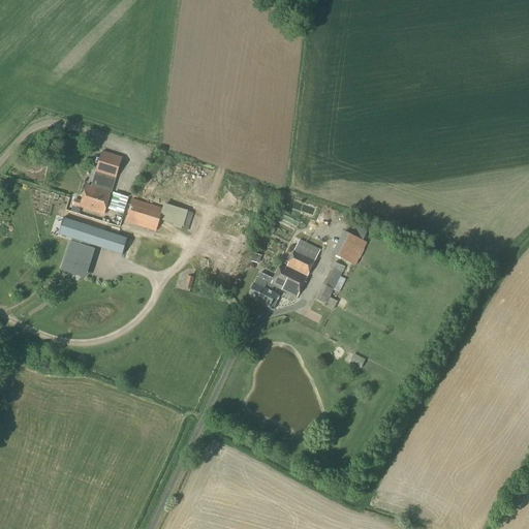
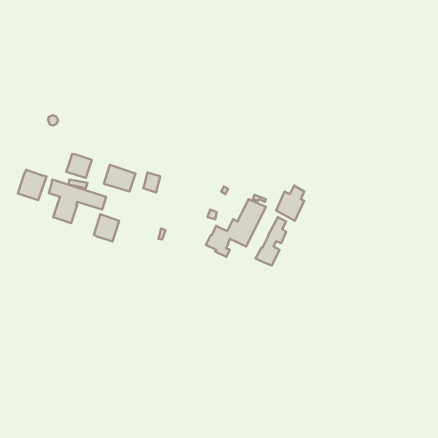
building: [92,151,122,187] -> none
building: none -> [18,170,46,200]
building: none -> [94,214,119,242]

